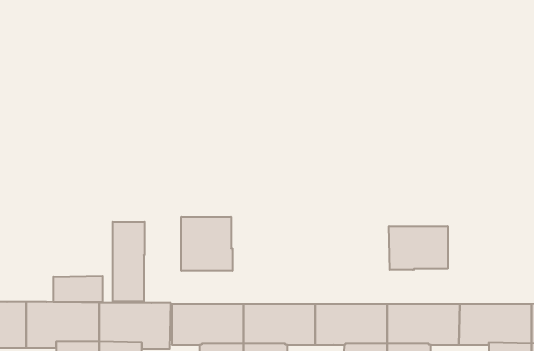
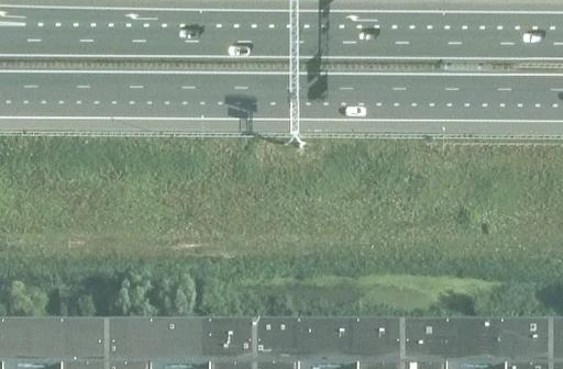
building: [181,217,232,271] -> none
building: [113,222,145,302] -> none
building: [389,226,448,270] -> none
building: [53,276,103,302] -> none

